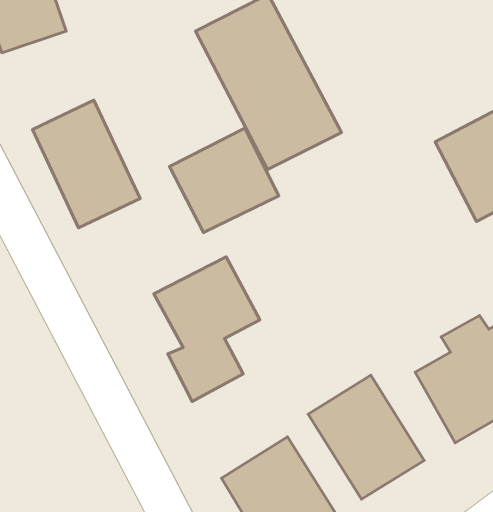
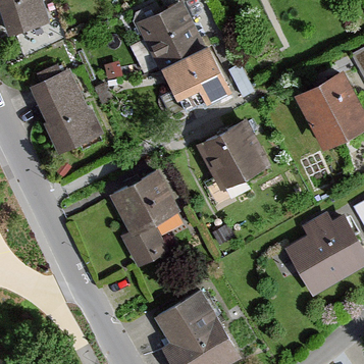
building: [170,128,279,233] -> [195,121,267,191]
building: [308,375,424,499] -> none

